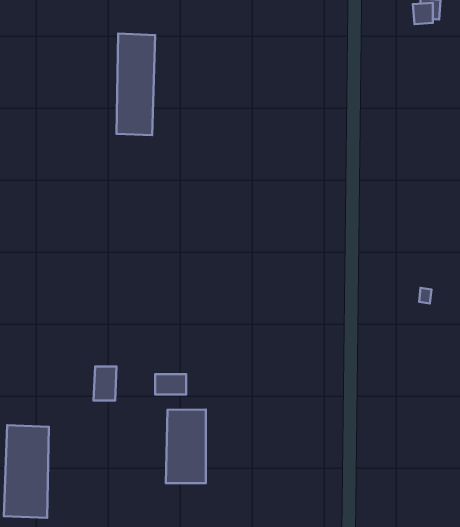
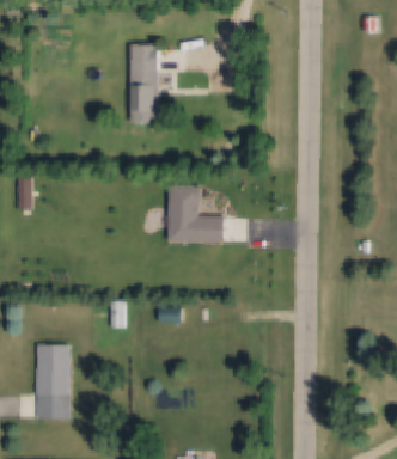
building: none -> [164,185,220,243]
building: [166,410,206,483] -> none

